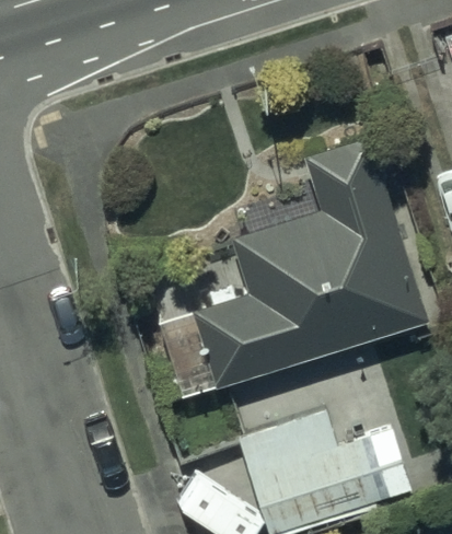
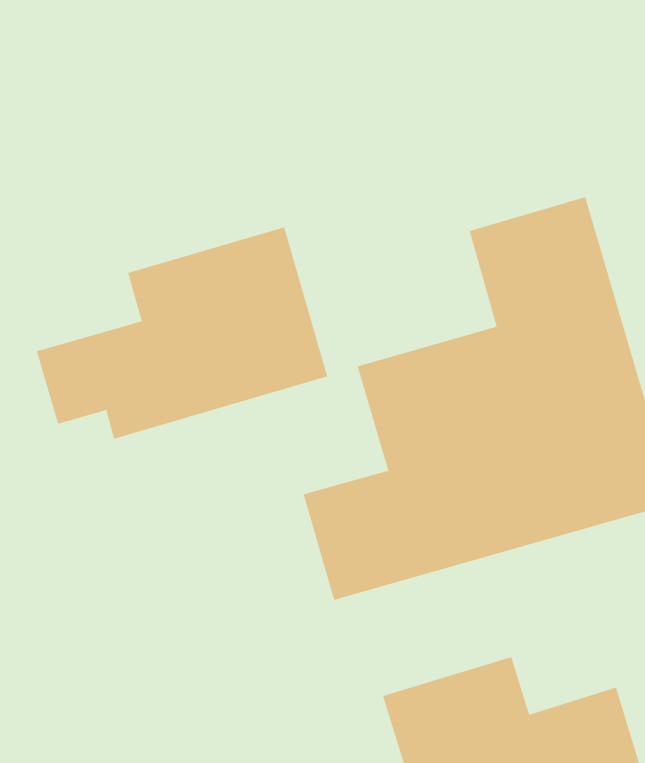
building: none -> [36,227,328,439]

